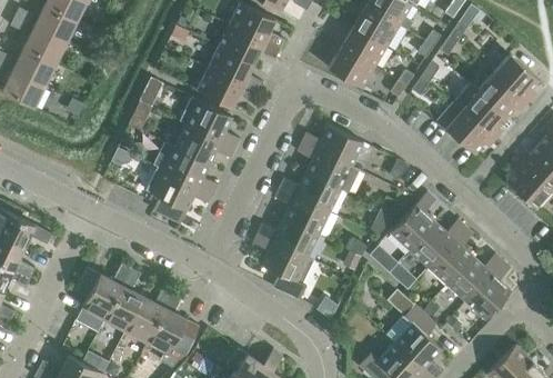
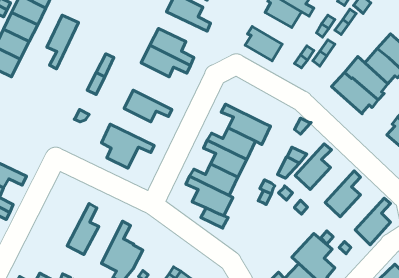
building: [218,26,279,63] -> none
building: [335,27,385,67] -> none
building: none -> [47,15,78,69]
building: [179,98,239,149] -> none
building: [302,126,362,167] -> none
building: [153,142,217,195] -> none
building: [409,220,464,267] -> none
building: [446,255,502,301] -> none
building: [73,263,130,331] -> none
building: [123,286,172,344] -> none

